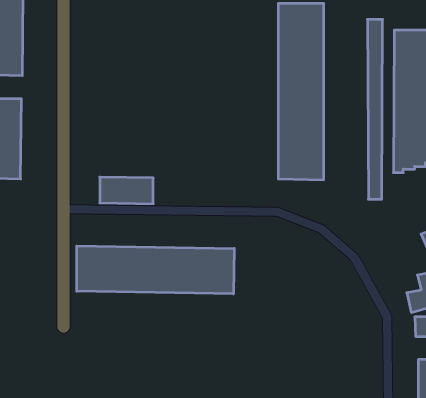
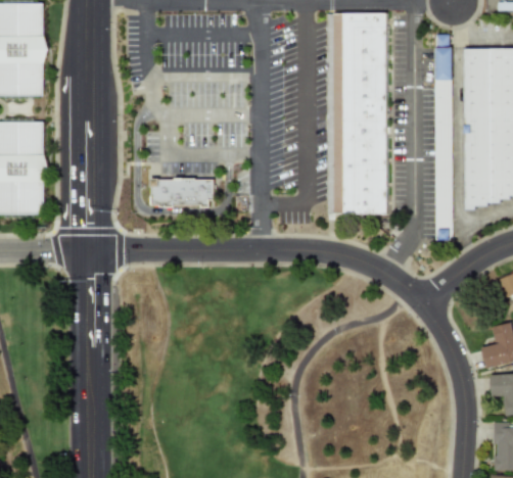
building: [100,177,153,204] -> [153,176,215,206]
building: [77,246,234,294] -> none

